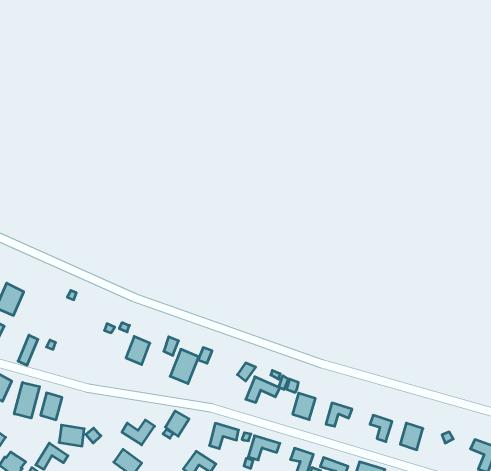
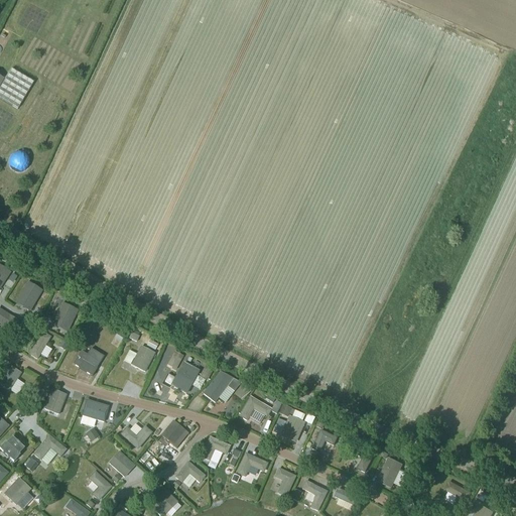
building: none -> [51,302,78,332]
building: none -> [73,347,103,374]
building: none -> [203,369,234,402]
building: [14,382,40,418] -> none
building: [59,425,84,446] -> [83,399,108,421]

